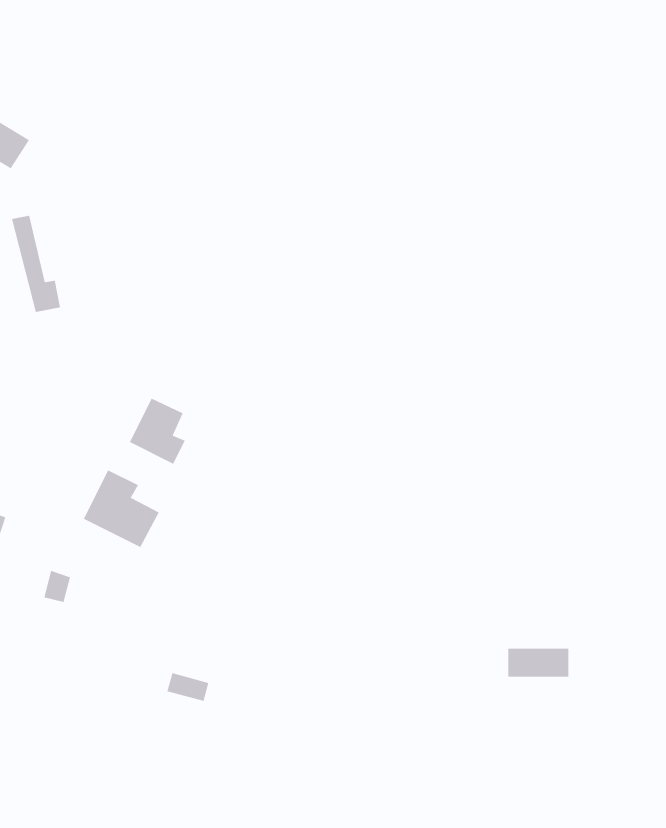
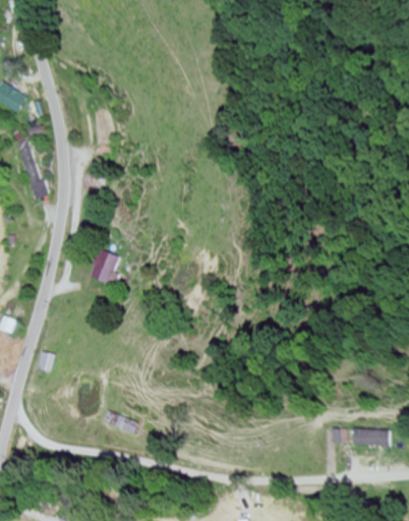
building: [83,469,159,548] -> none
building: [508,648,569,677] -> [355,428,392,446]

